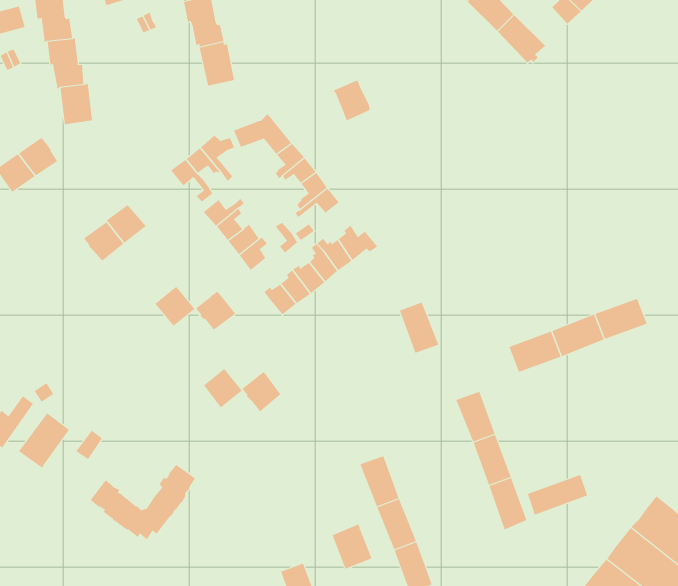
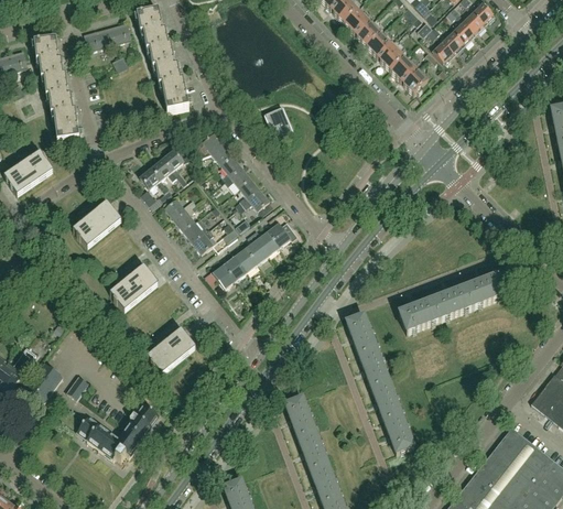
building: [195,291,236,332] -> [109,279,141,311]
building: [399,302,439,353] -> [346,313,377,353]
building: [241,371,281,413] -> [147,342,177,373]
building: [527,474,588,515] -> none
building: [332,524,372,570] -> none

